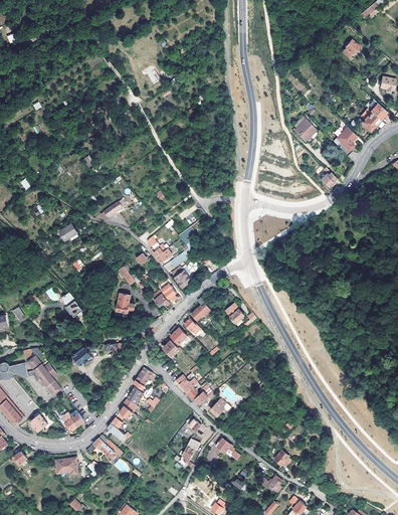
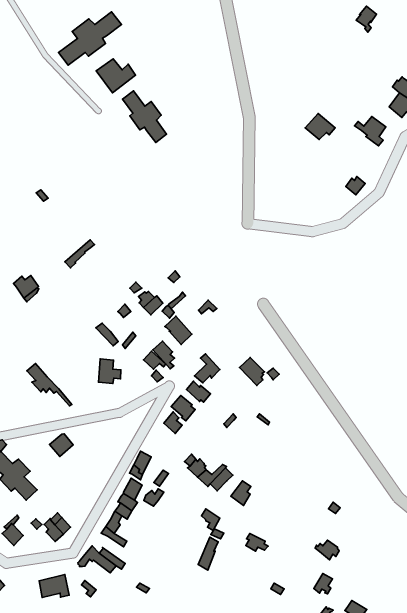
building: none -> [59,12,121,65]
building: none -> [123,91,167,142]

